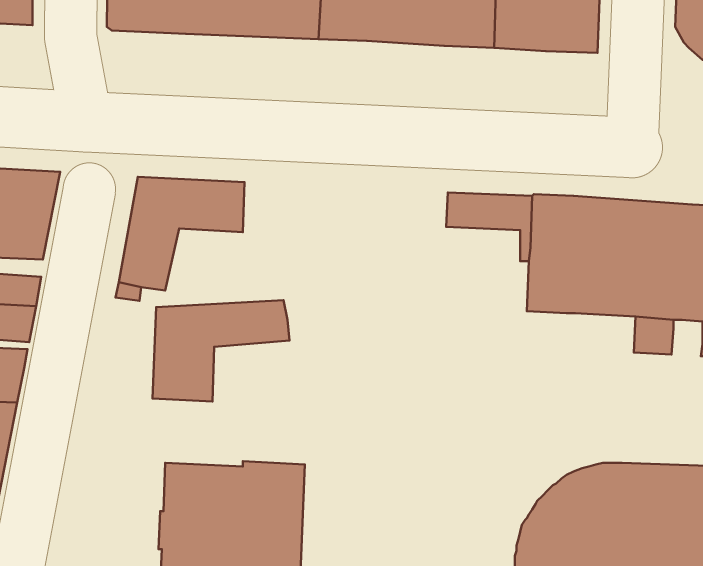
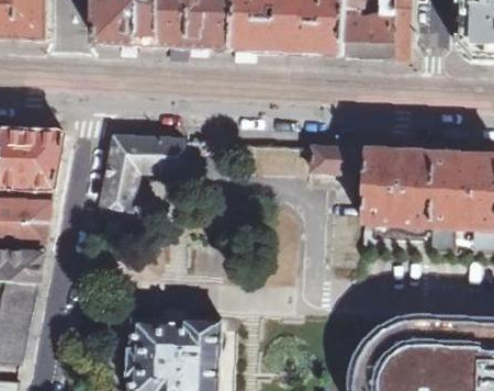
building: [153,300,290,401] -> none

